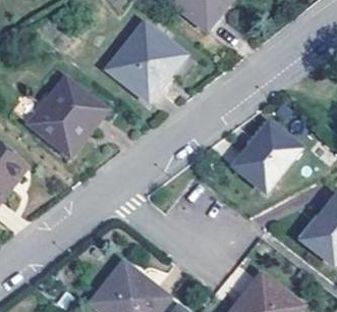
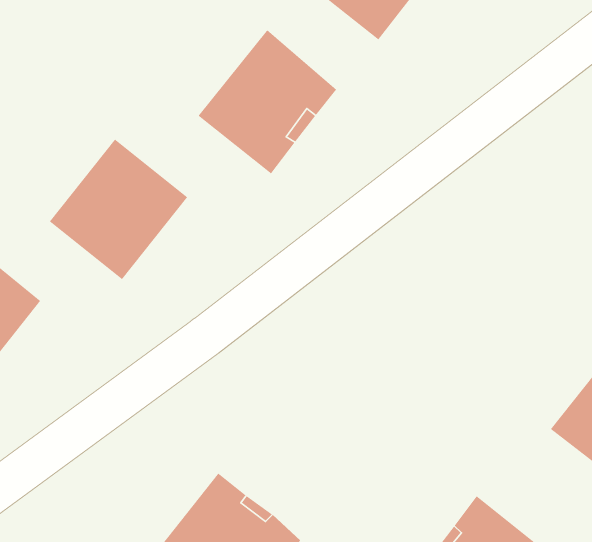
building: [232,123,295,189] -> none

